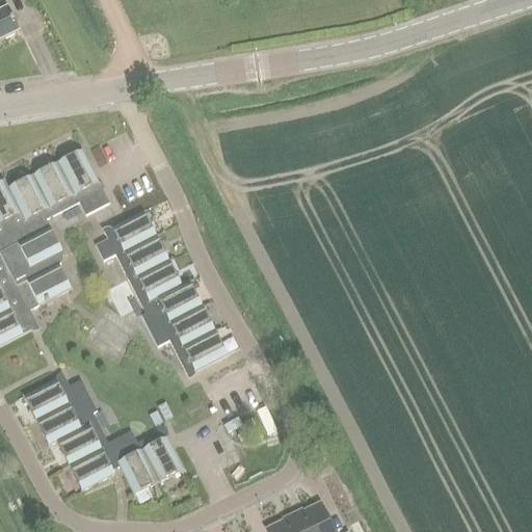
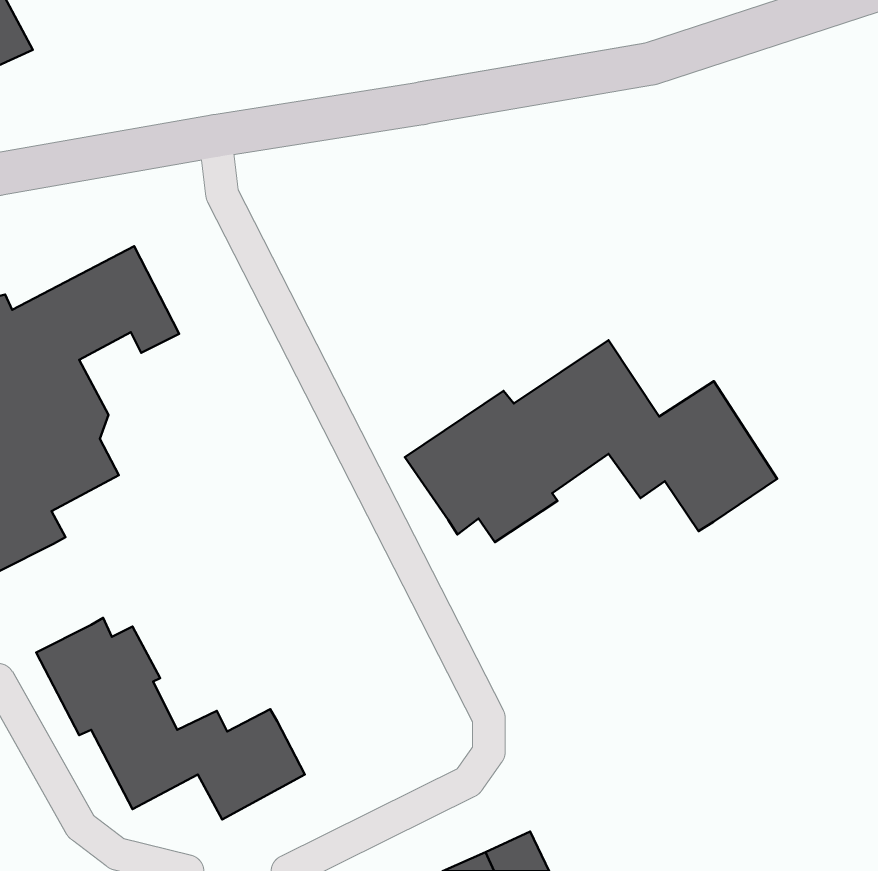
building: none -> [405,340,777,542]
building: [92,207,228,373] -> none

